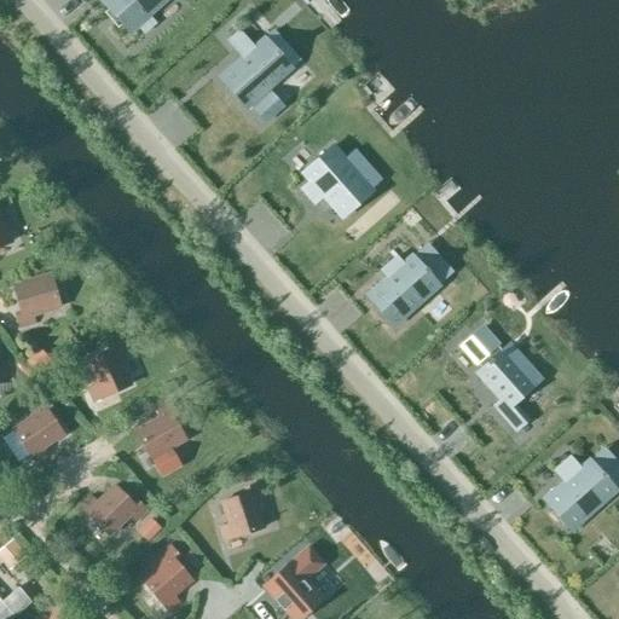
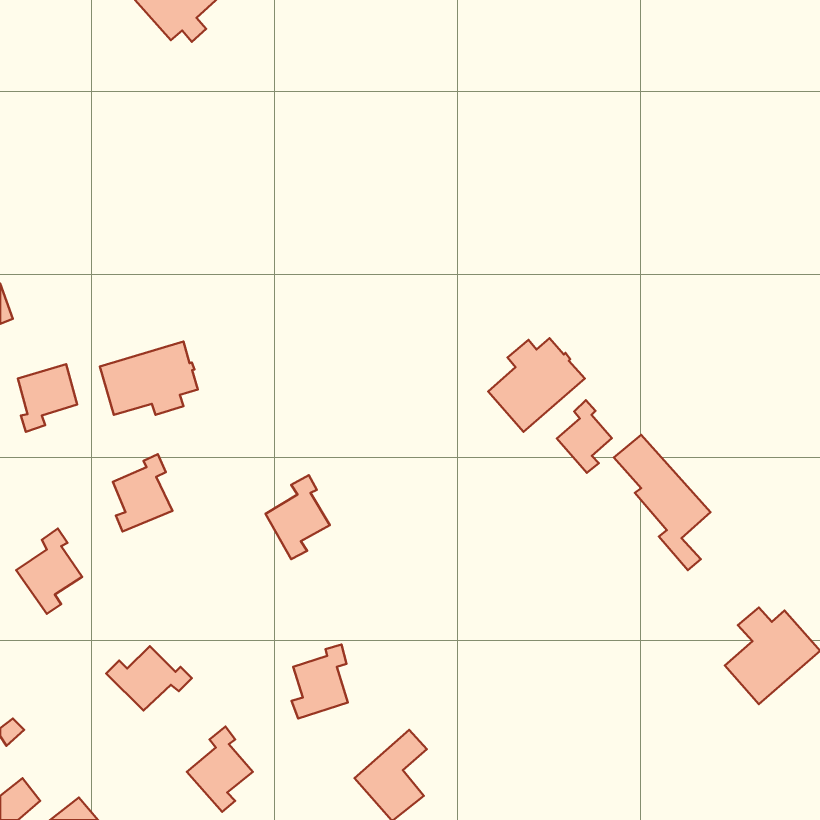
building: [221,30,293,120] -> none
building: [302,144,375,216] -> none
building: none -> [100,341,198,415]
building: none -> [557,400,612,473]
building: [138,401,186,464] -> [265,475,330,559]

